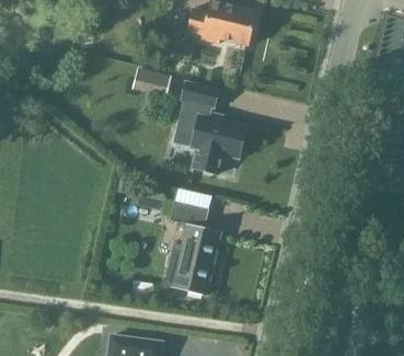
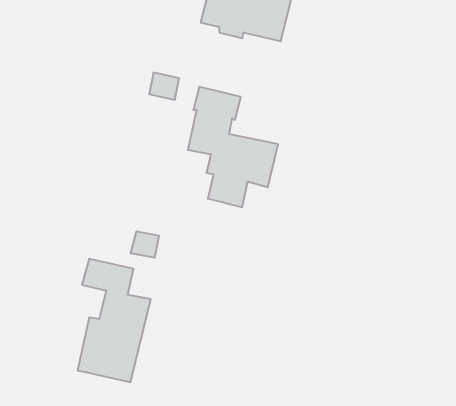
building: [165,200,221,295] -> [78,259,151,382]

